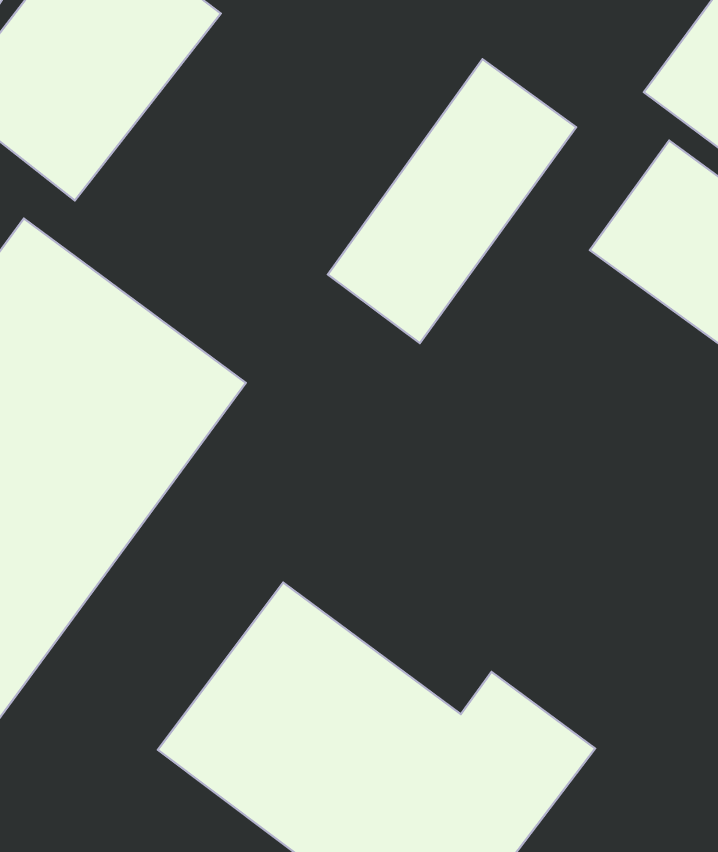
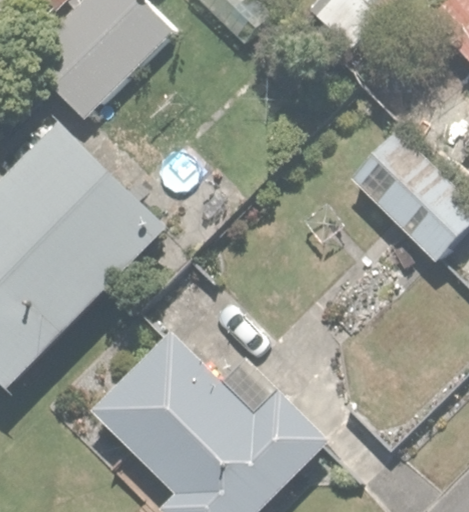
building: [328,59,576,343] -> none

